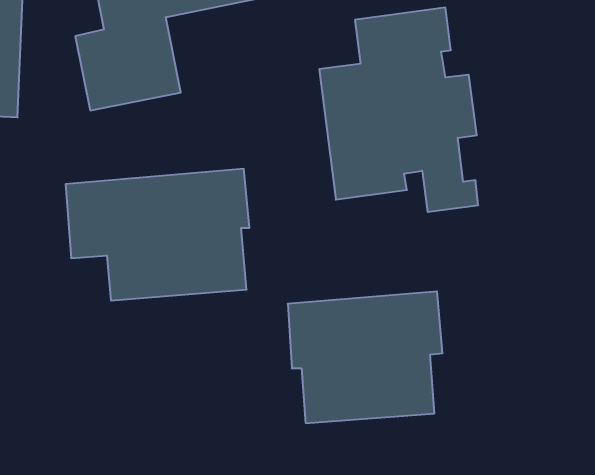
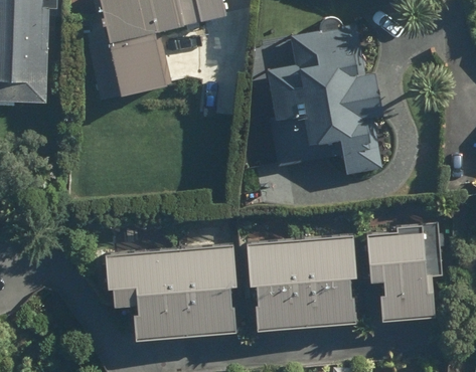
building: [66,169,249,301] -> [102,243,236,340]
building: none -> [363,227,435,320]

